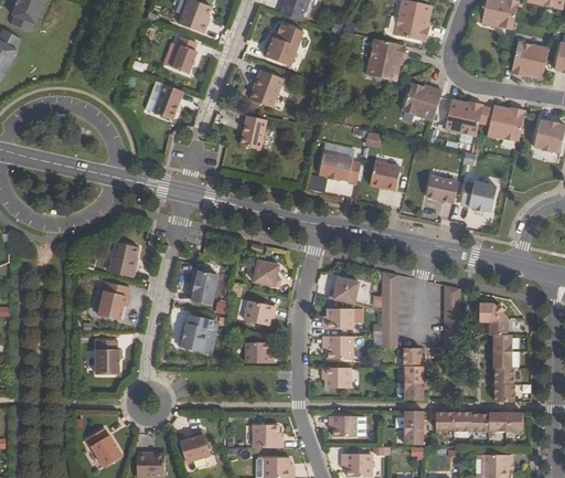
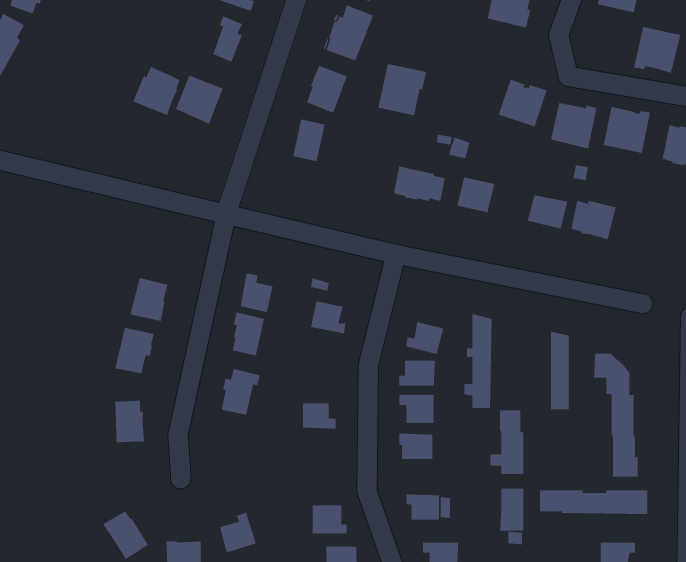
building: [365,39,405,81] -> [377,64,427,116]
building: none -> [133,66,180,116]
building: none -> [240,273,273,313]
building: [243,300,275,325] -> none

